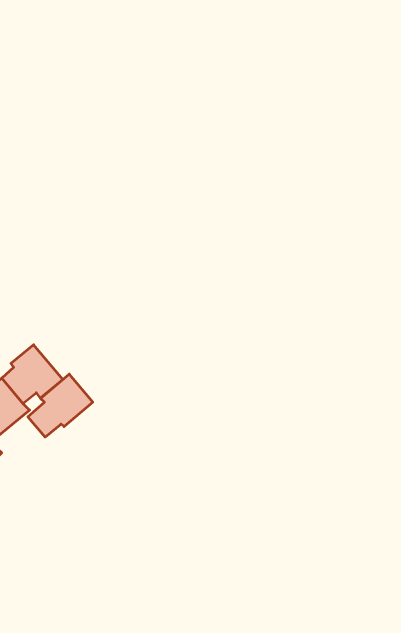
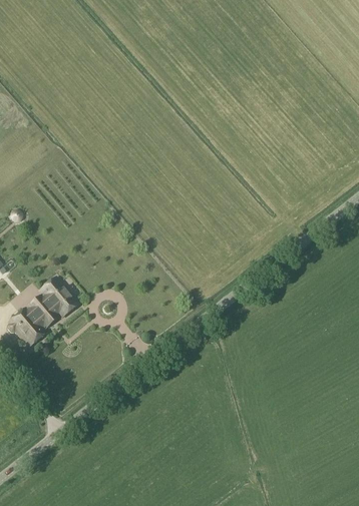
building: [28,374,93,437] -> none

